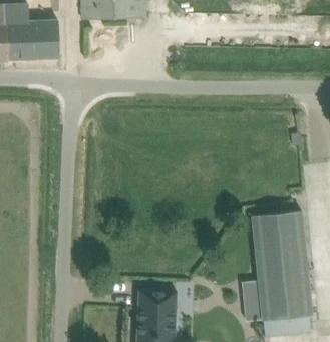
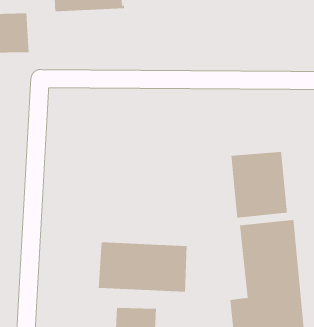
building: none -> [231,151,287,218]
building: none -> [98,242,187,292]

